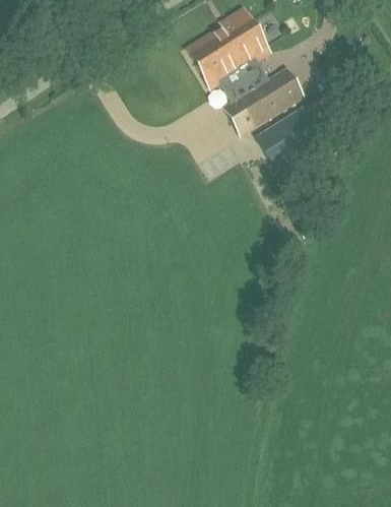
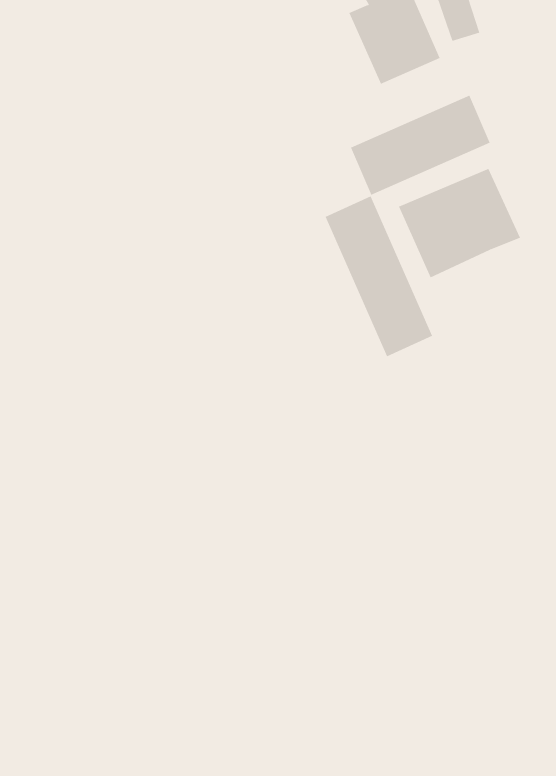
building: [188,31,237,85] -> none
building: none -> [325,196,433,357]

